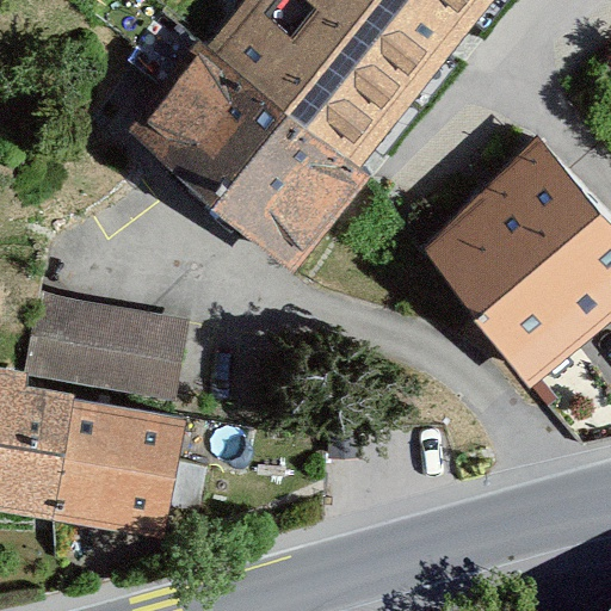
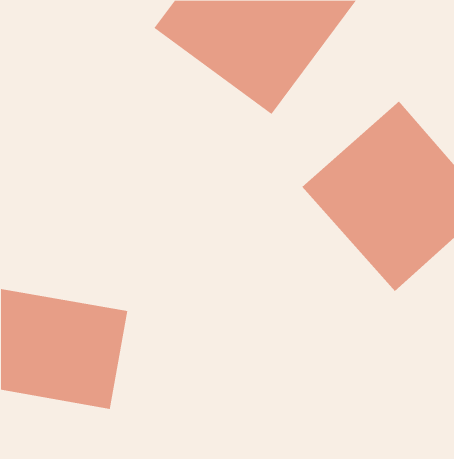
building: [141,37,381,254] -> none
building: [29,295,192,401] -> none

